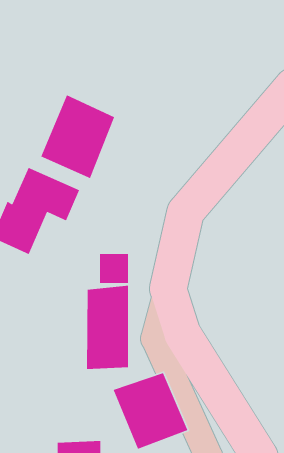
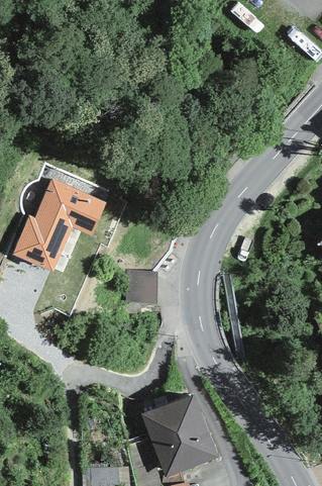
building: [40,94,115,179] -> none
building: [86,285,129,370] -> none

